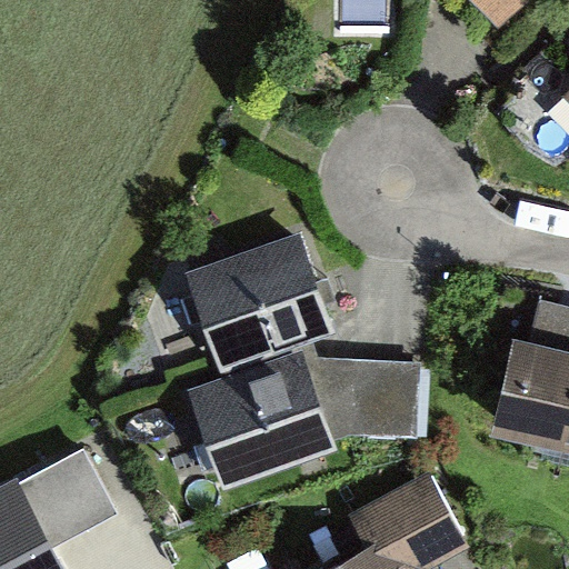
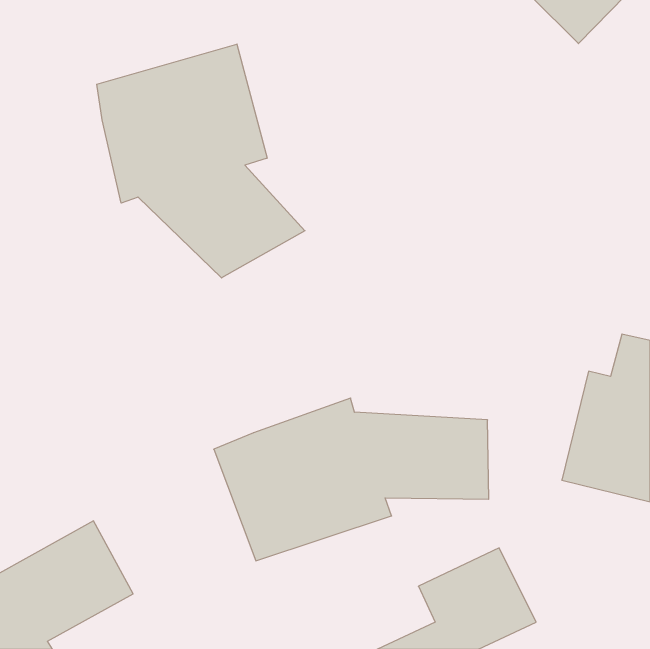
building: none -> [97,44,305,278]
building: [184,234,340,376] -> none

